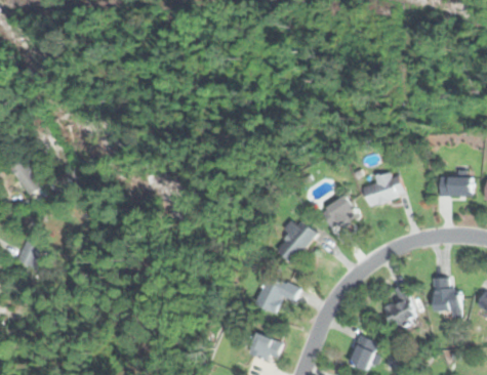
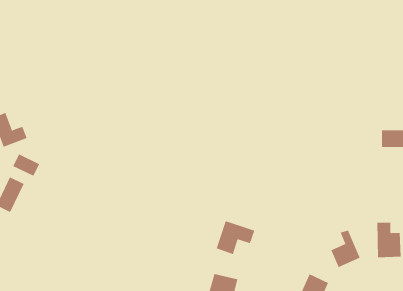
building: [363,170,404,206] -> none
building: [323,198,358,231] -> none
building: none -> [13,154,40,177]
building: [278,219,319,263] -> none

